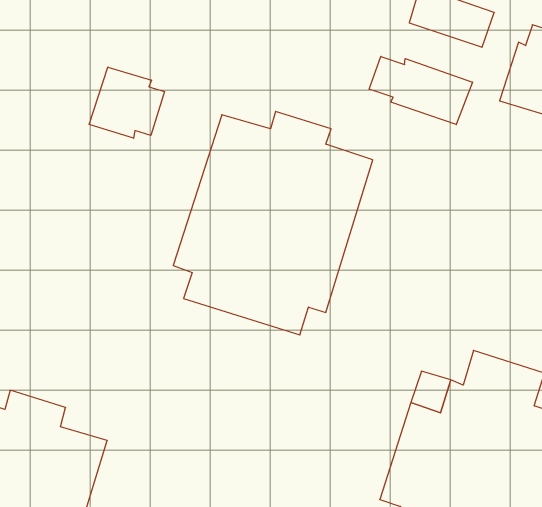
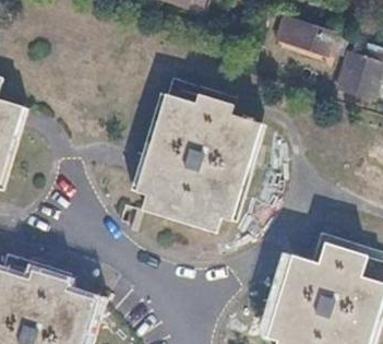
building: [369,56,472,125] -> none
building: [89,67,165,138] -> none

